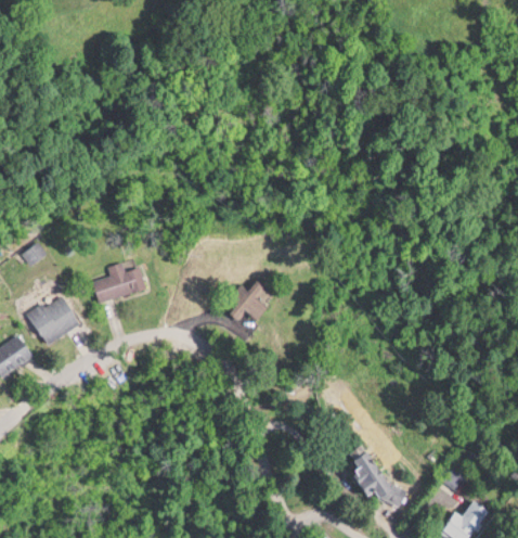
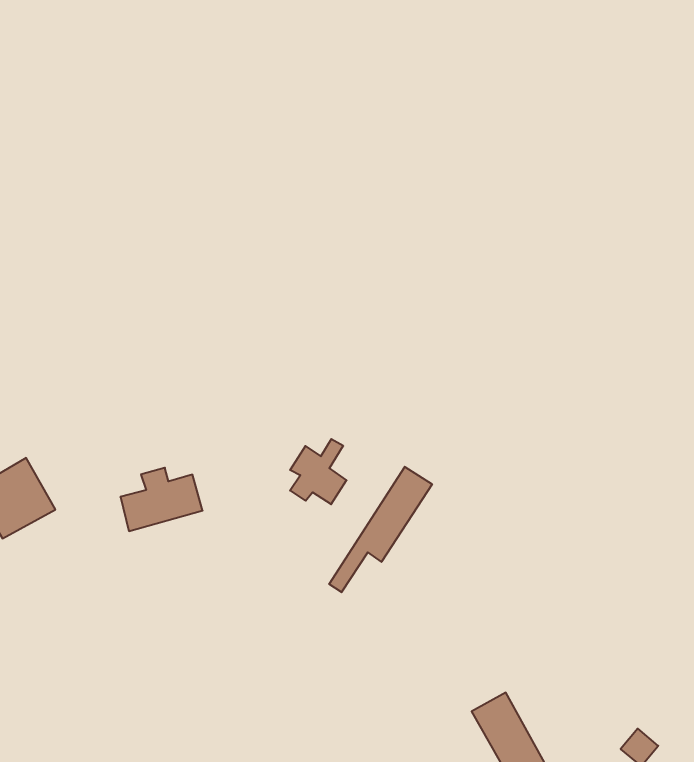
building: [93,264,145,304] -> [120,468,203,531]
building: none -> [329,467,432,592]

